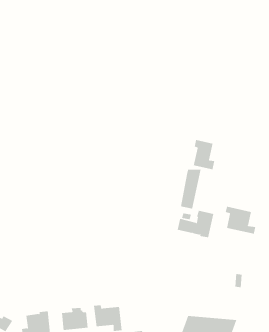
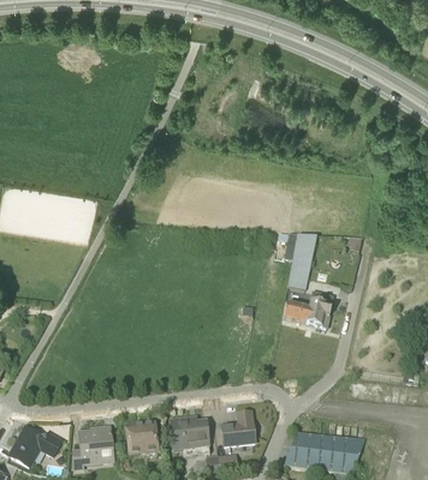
building: [193,139,215,170] -> none
building: [225,206,256,235] -> none
building: none -> [220,410,252,444]

